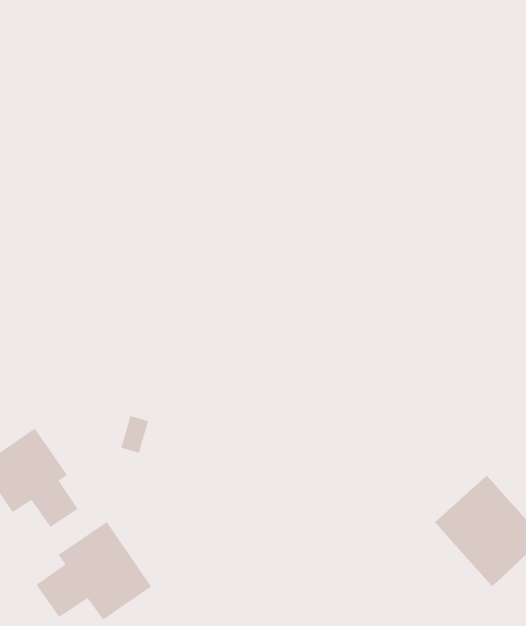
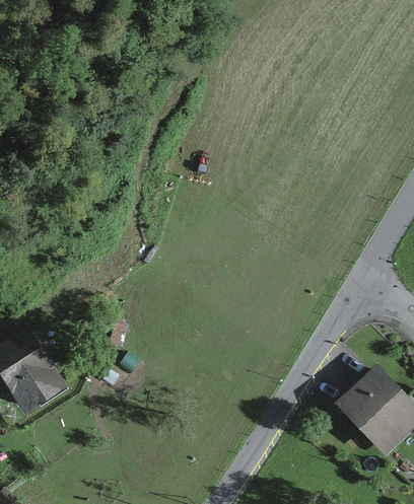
building: [36,521,152,620] -> none

